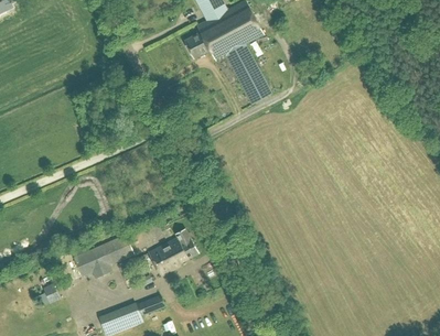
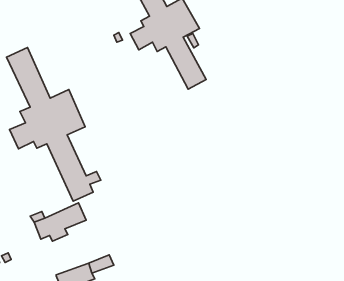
building: none -> [7,47,101,201]
building: [150,227,200,277] -> none

